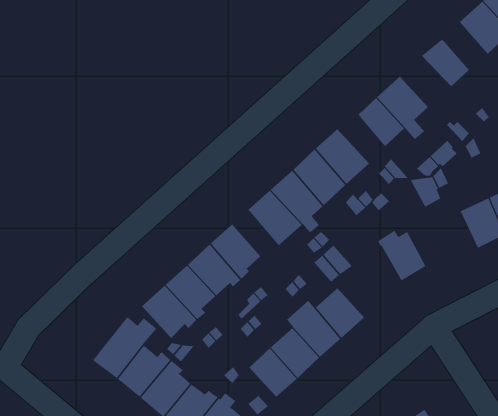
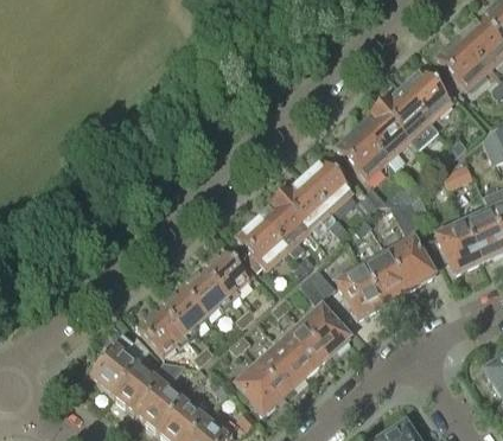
building: none -> [381,89,429,138]
building: none -> [388,239,432,288]
building: none -> [338,269,382,317]

